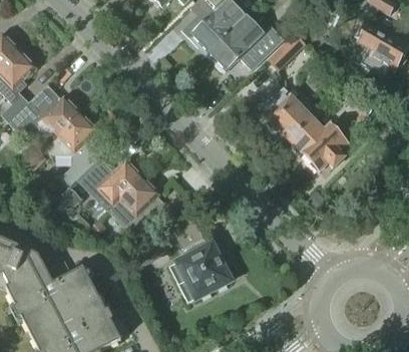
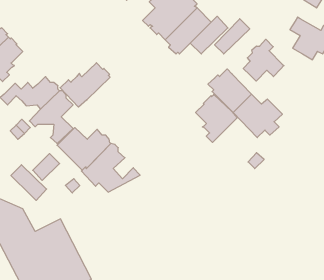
building: none -> [243,39,284,81]
building: none -> [60,63,110,107]
building: none -> [196,94,237,142]
building: none -> [11,165,47,200]
building: [168,225,230,303] -> none

